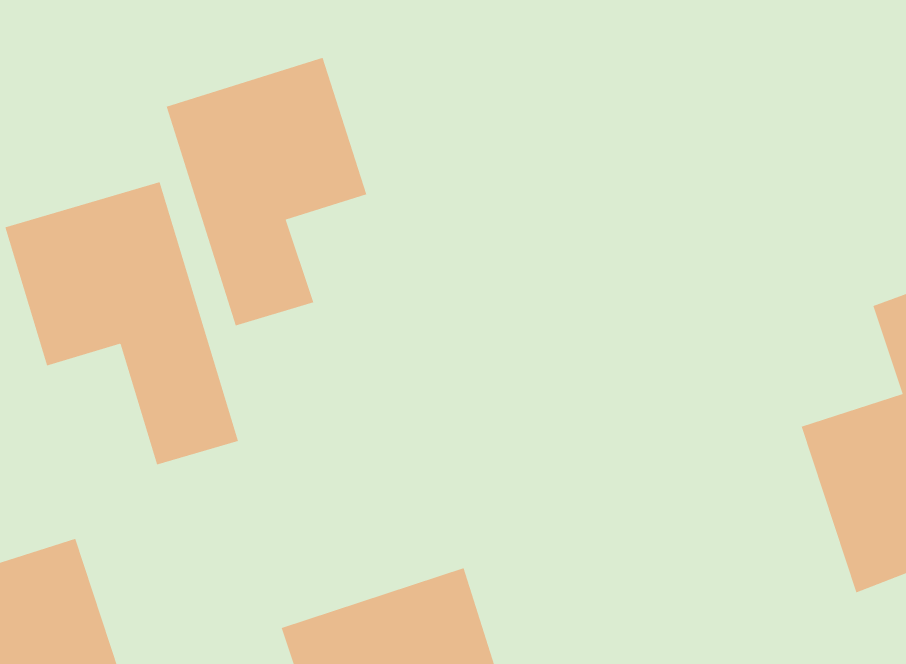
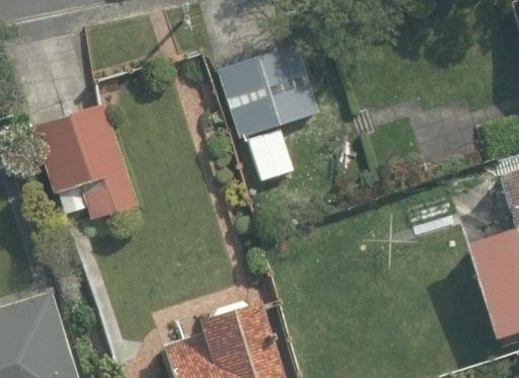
building: [166,57,367,326] -> [218,42,329,191]

